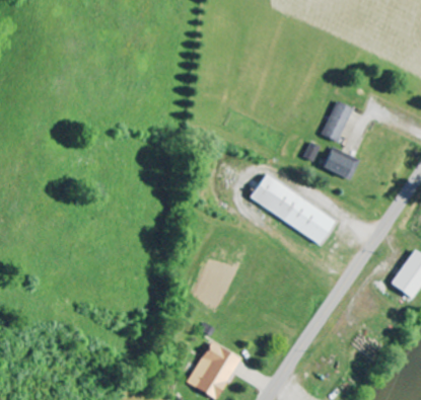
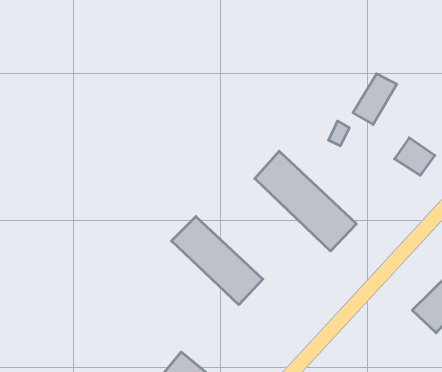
building: [322,148,353,176] -> [394,138,435,175]
building: none -> [171,216,263,305]

